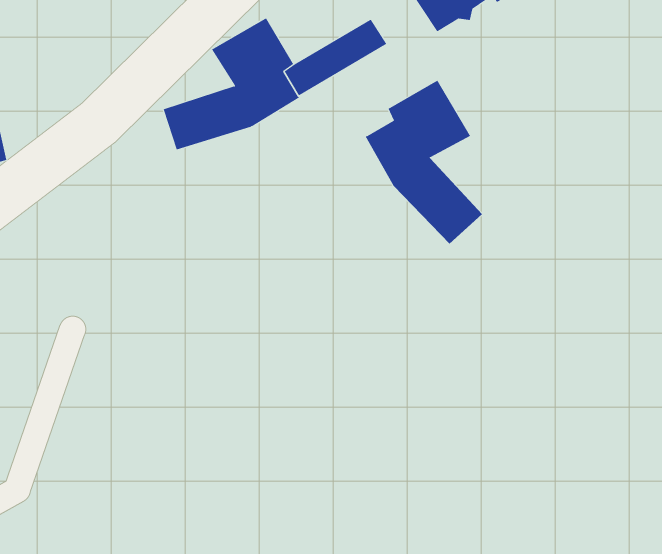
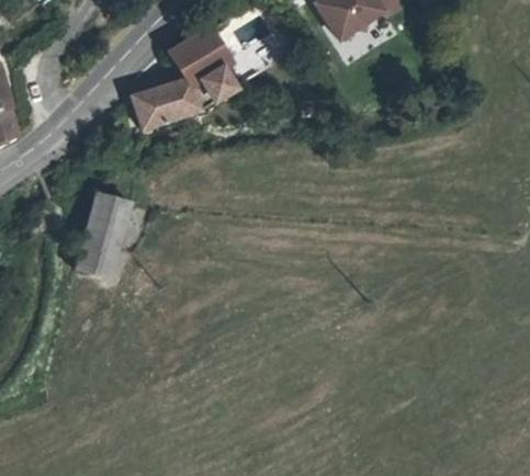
building: [365,80,483,245] -> none
building: none -> [76,200,135,284]

